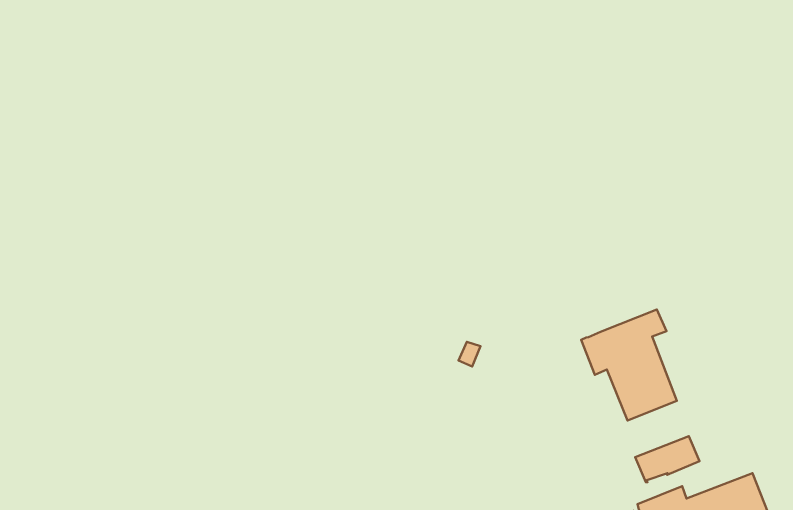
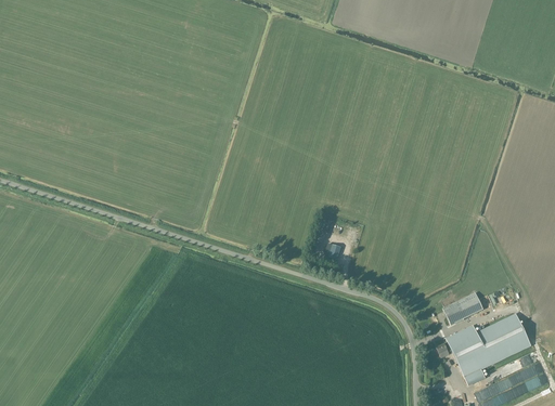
building: [581,310,677,420] -> none

